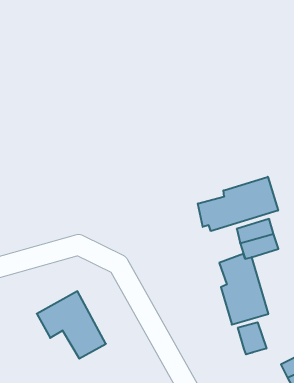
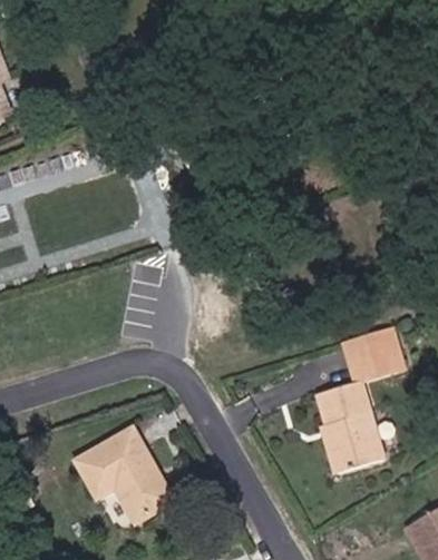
building: [198,177,278,231] -> none
building: [238,322,266,354] -> none

